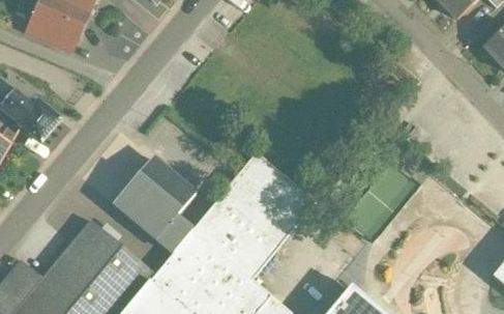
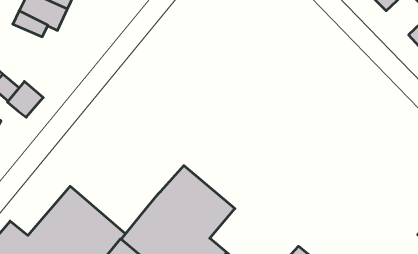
building: [220,154,316,247] -> none
building: [115,158,195,252] -> none

